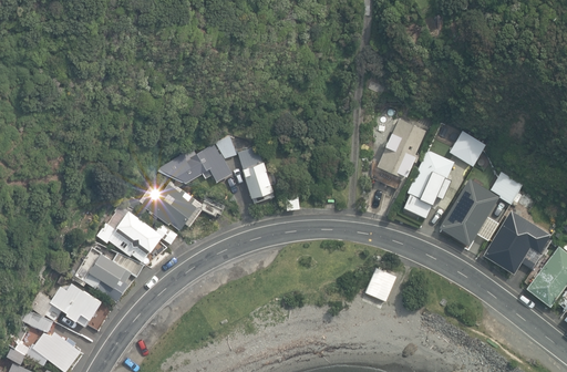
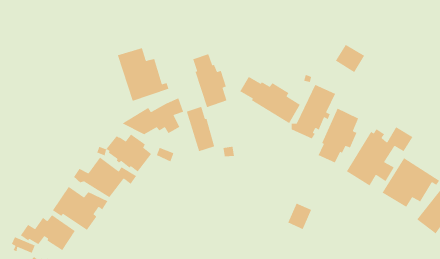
building: none -> [117,47,170,102]
building: none -> [192,53,227,108]
building: none -> [239,76,301,124]
building: [447,131,485,167] -> [335,44,365,73]

